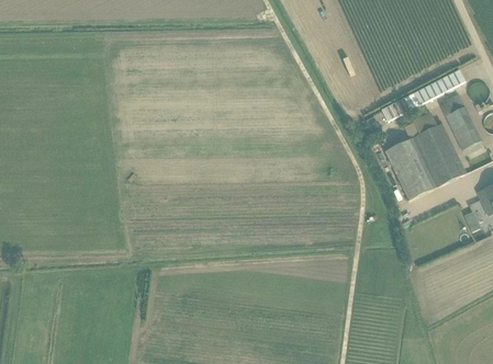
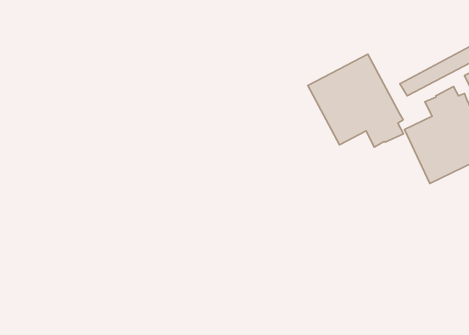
building: none -> [308,54,403,147]

